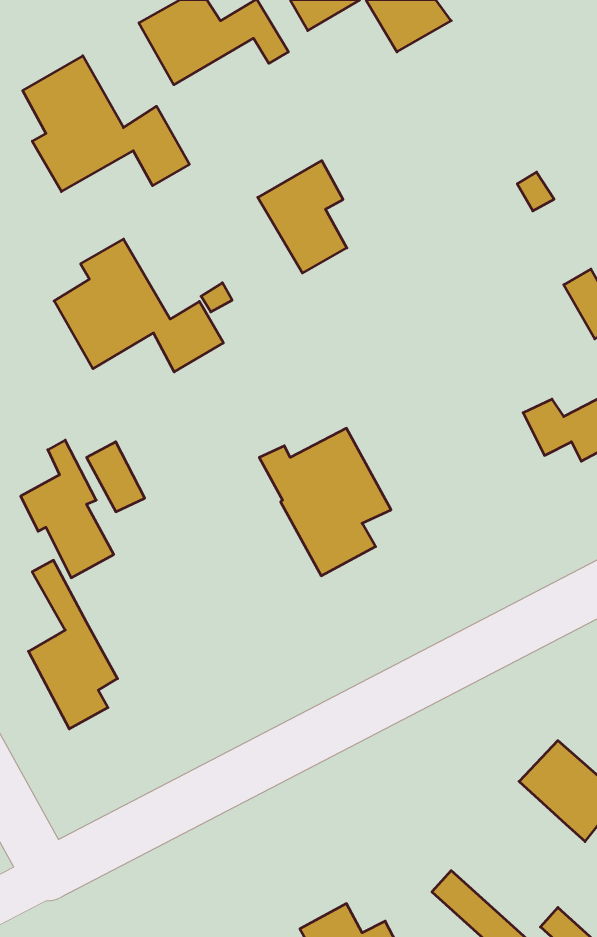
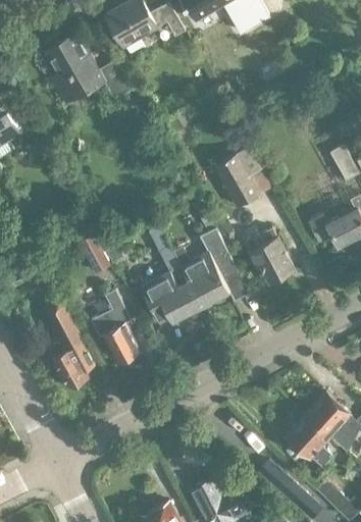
building: [258,161,347,273] -> [214,148,261,207]
building: [54,239,223,372] -> none
building: none -> [246,229,294,280]
building: [21,440,114,578] -> [91,291,140,363]
building: none -> [141,268,202,324]
building: none -> [287,415,333,468]

